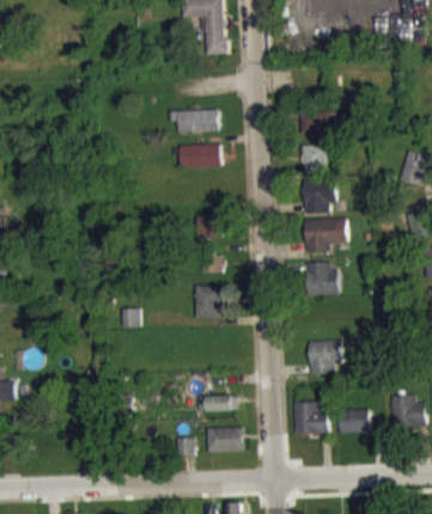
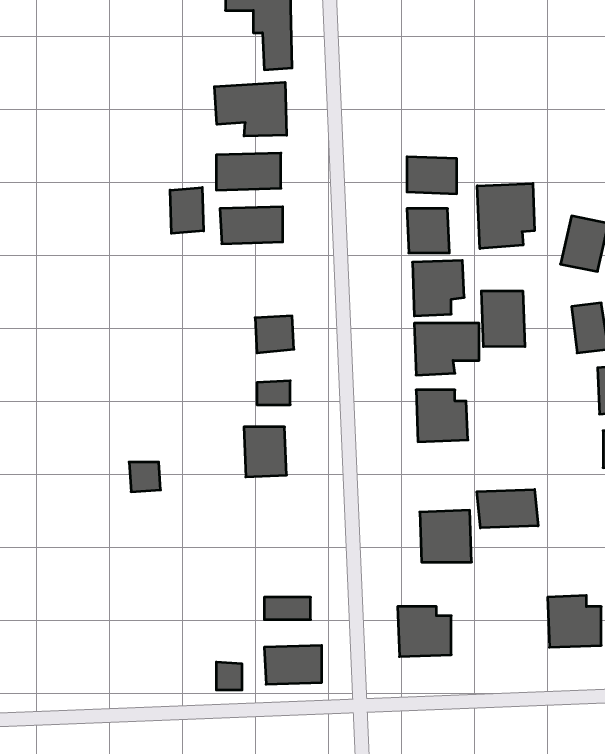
building: none -> [214,82,287,136]
building: none -> [477,183,534,249]
building: none -> [170,187,204,233]
building: none -> [481,291,525,347]
building: none -> [477,489,538,528]
building: [339,409,369,433] -> none

